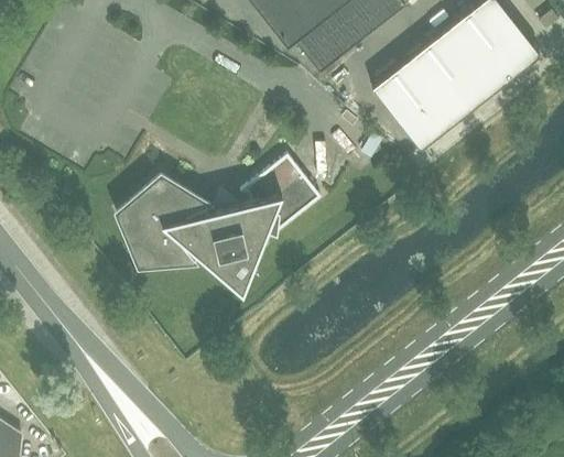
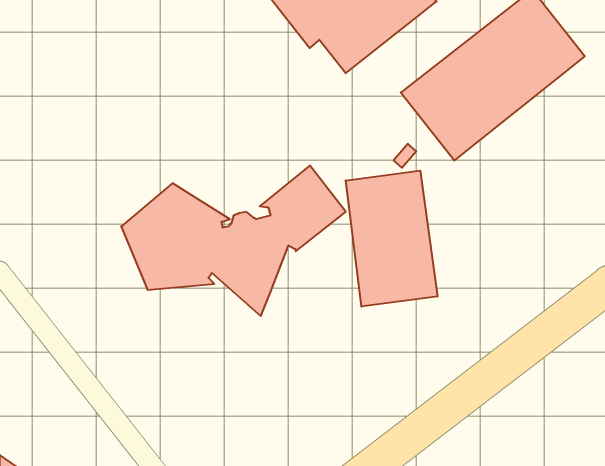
building: none -> [346,171,437,307]

